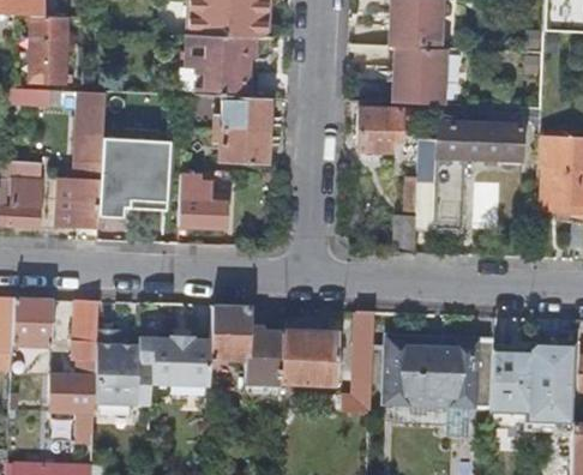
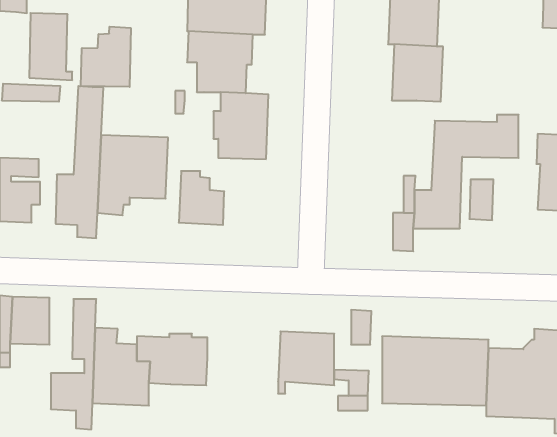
building: none -> [81,27,131,87]
building: [357,100,416,150] -> none
building: [209,306,282,384] -> none

